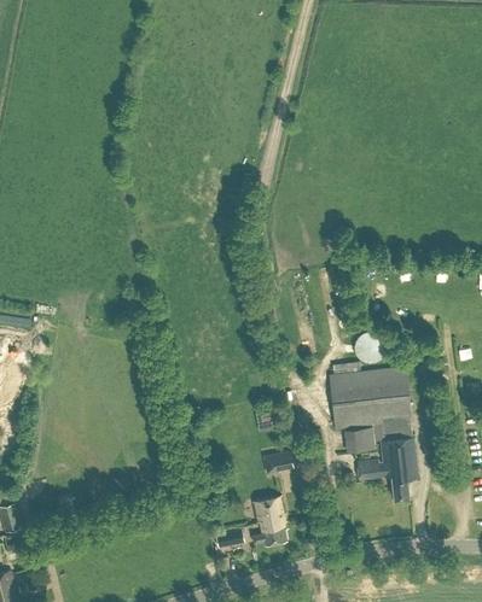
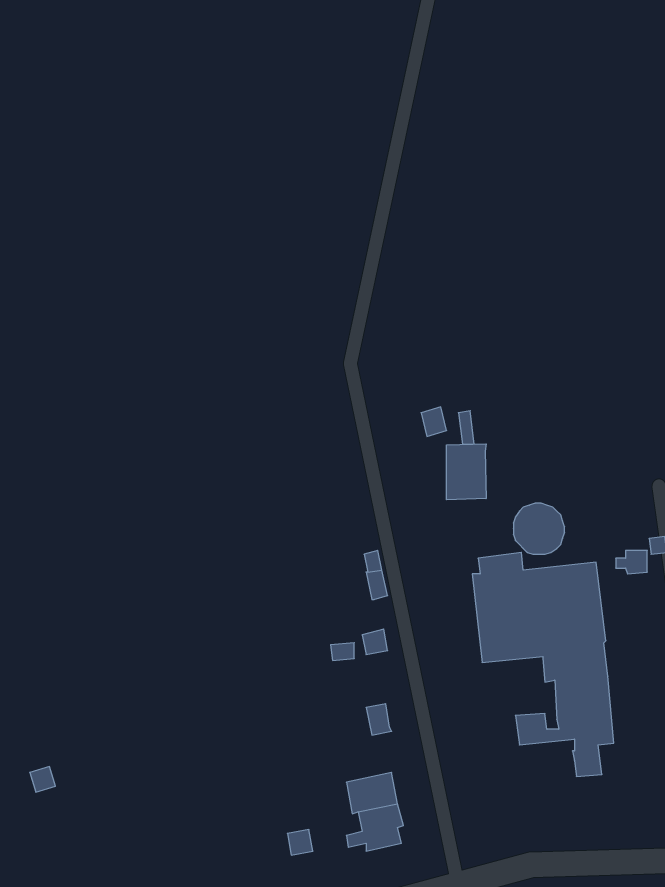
building: none -> [447,444,486,500]
building: [344,427,376,452] -> none

